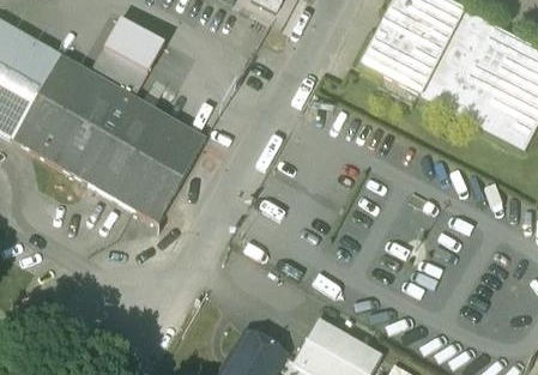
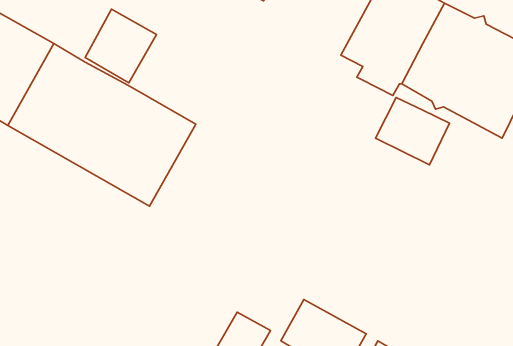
building: none -> [375,97,450,165]

